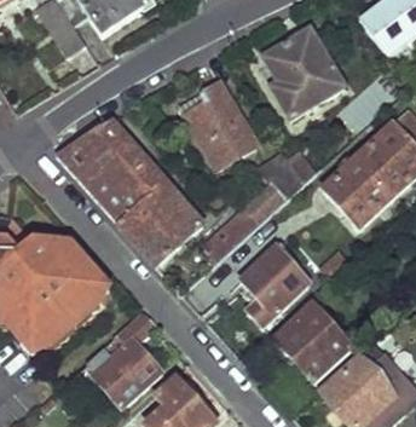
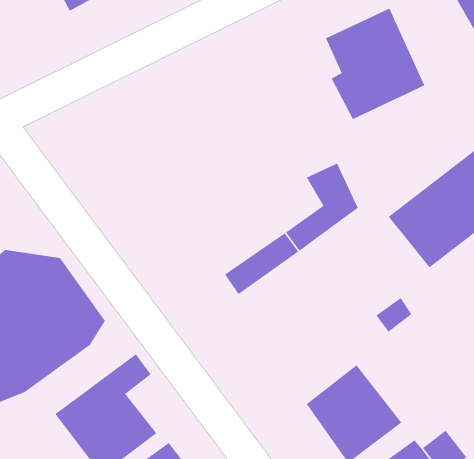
building: [189,83,259,167] -> none
building: [58,121,203,262] -> none
building: [239,248,304,322] -> none

